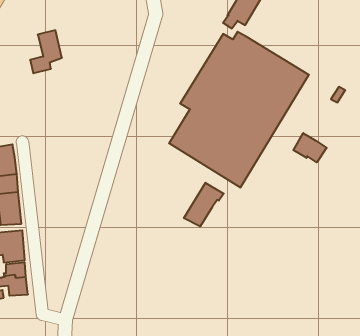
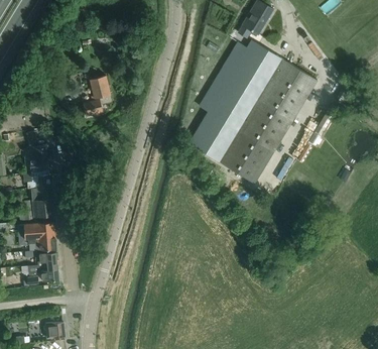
building: [30,30,62,73] -> [83,76,112,115]
building: [293,133,327,162] -> none
building: [184,183,224,227] -> none

